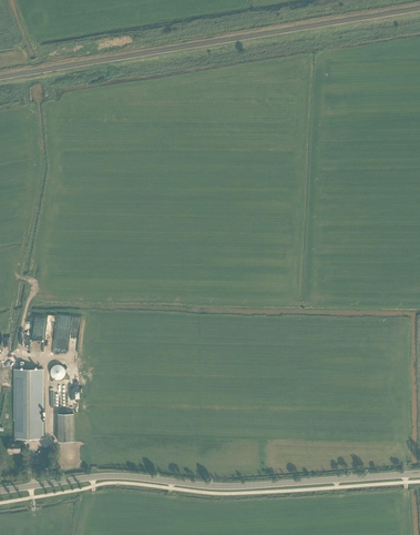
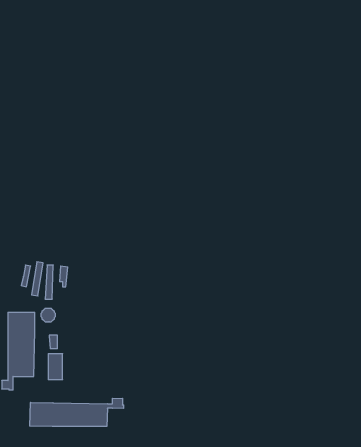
building: none -> [30,398,124,426]

